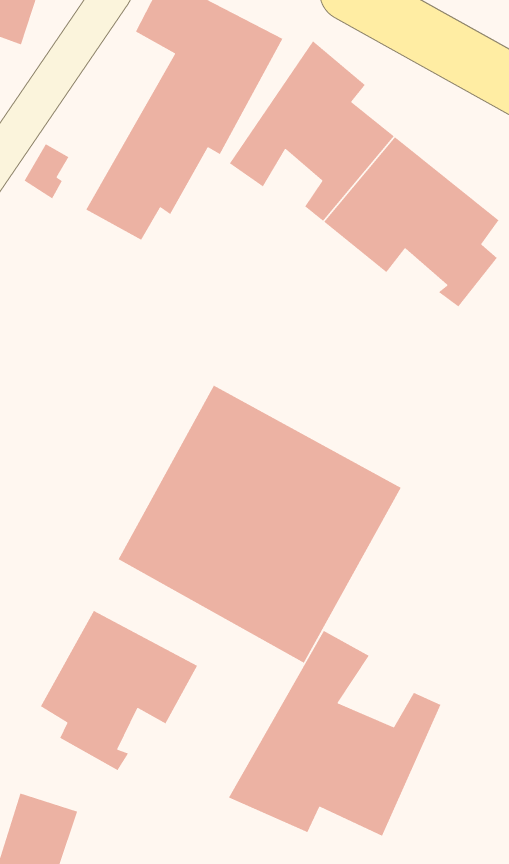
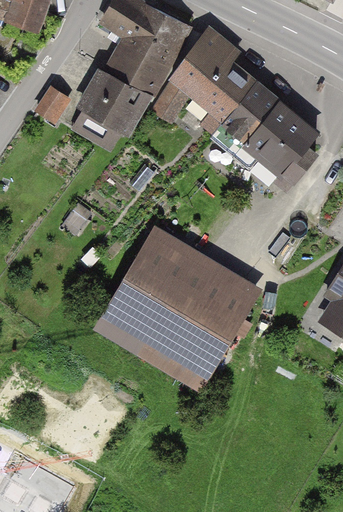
building: [40,610,198,771] -> none
building: [228,630,442,837] -> none

